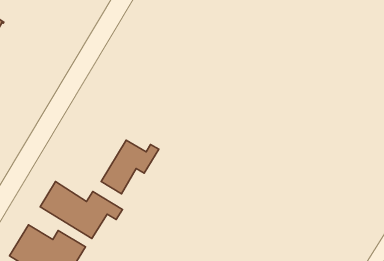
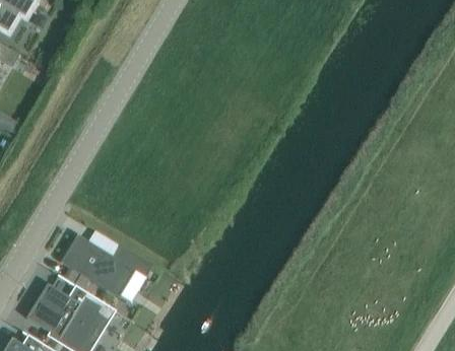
building: [101,140,159,194] -> none

